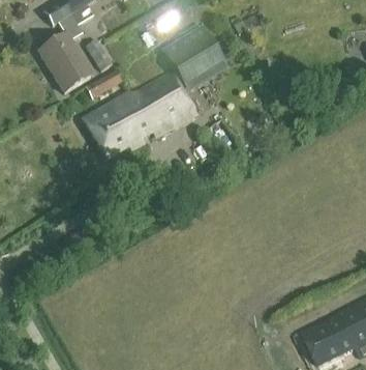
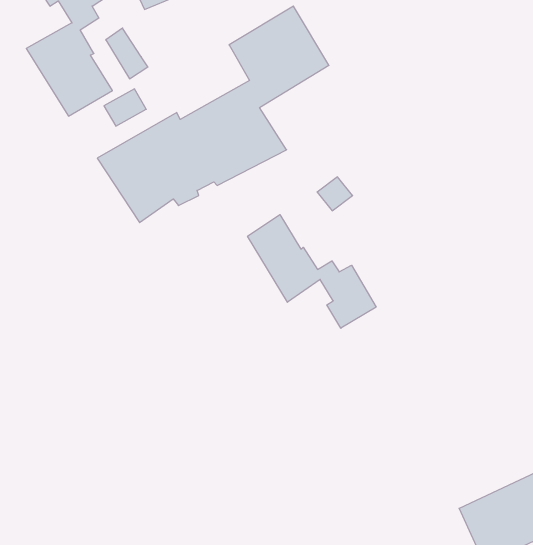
building: none -> [248,215,376,328]

